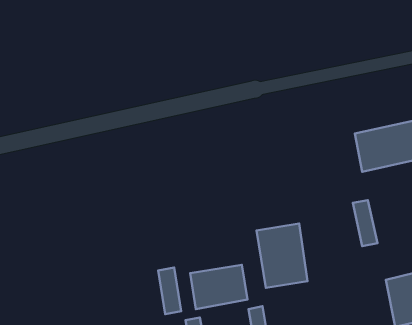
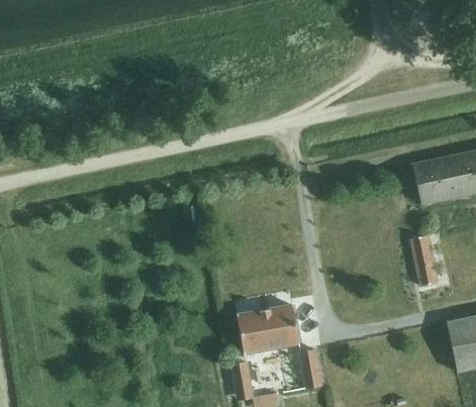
building: [257,223,307,288] -> none
building: [158,267,181,314] -> none

